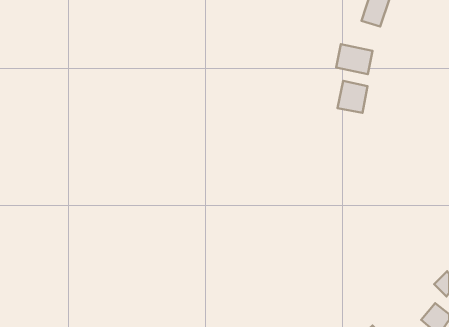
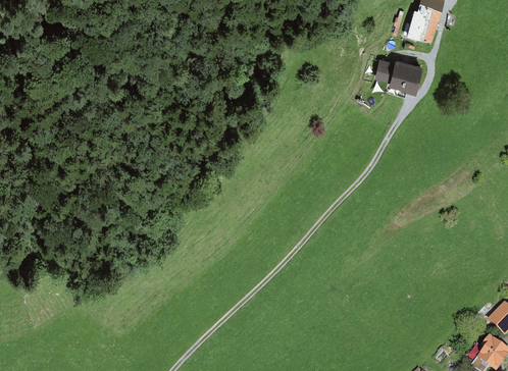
building: [338,81,368,113] -> none

